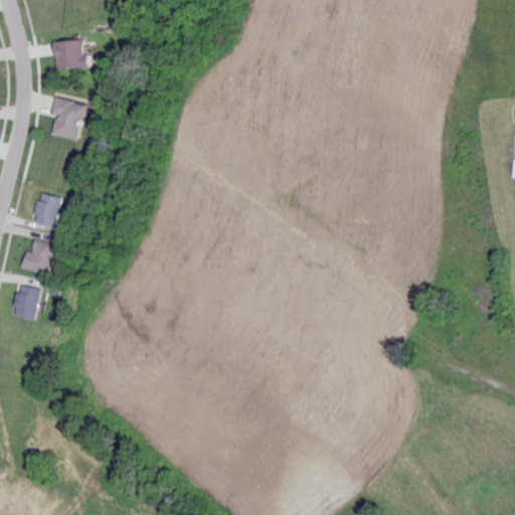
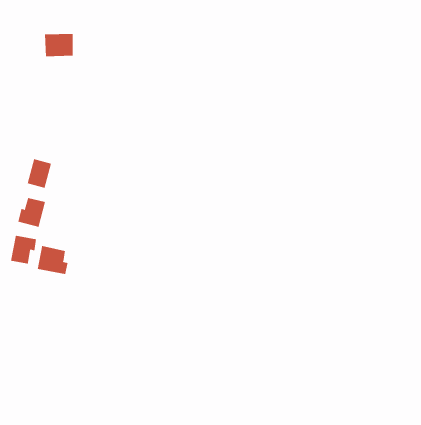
building: [51,97,87,140] -> none
building: none -> [37,245,68,275]

